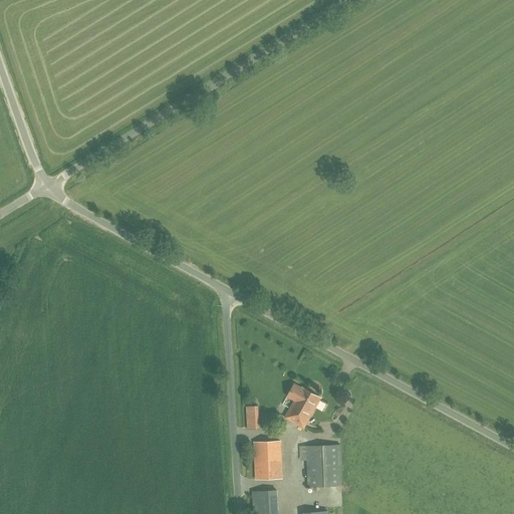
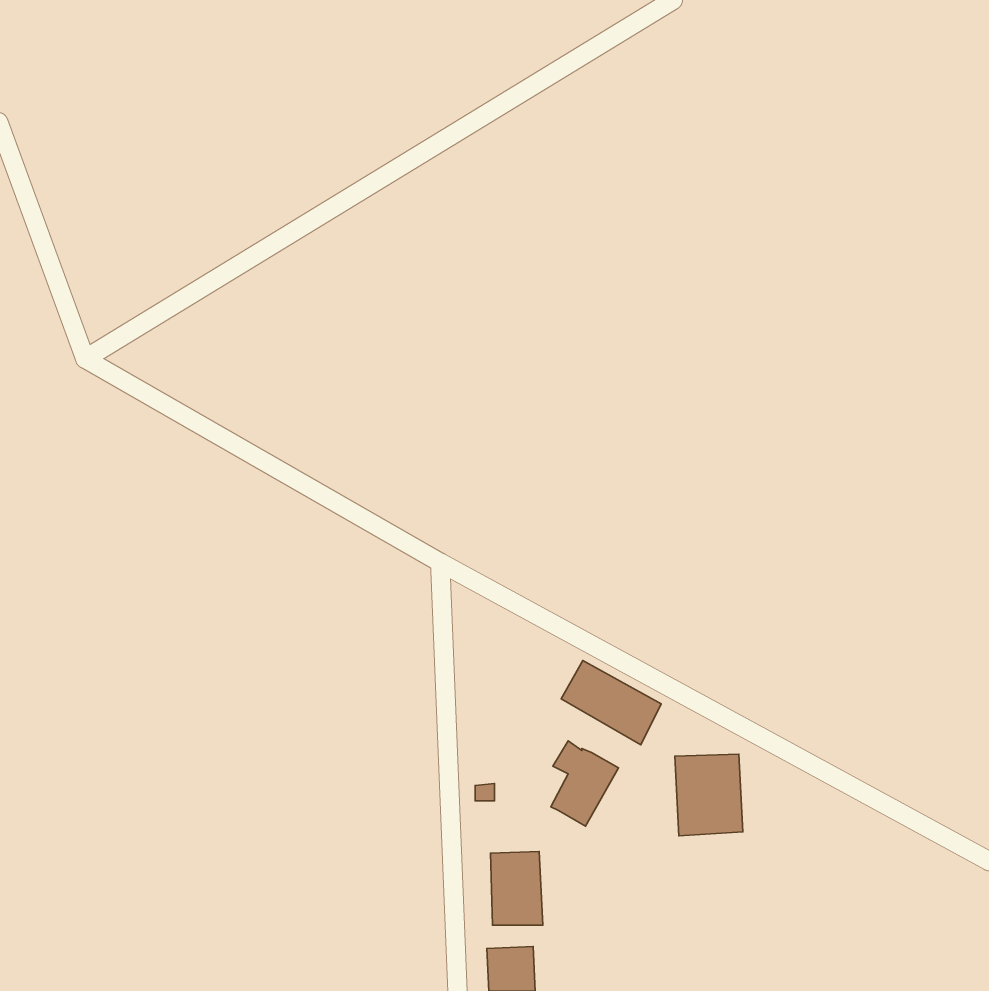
building: none -> [561,660,661,745]
building: [306,445,341,487] -> [675,754,743,836]

